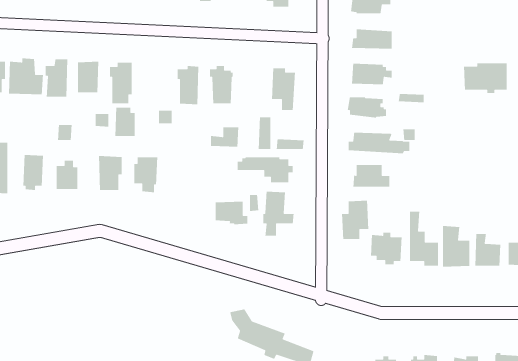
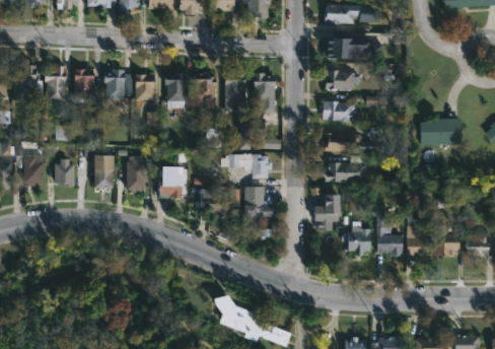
building: [463,63,507,94] -> [421,119,462,147]
building: none -> [225,74,246,112]
building: [114,107,136,137] -> [135,73,154,100]
building: none -> [159,170,188,198]

